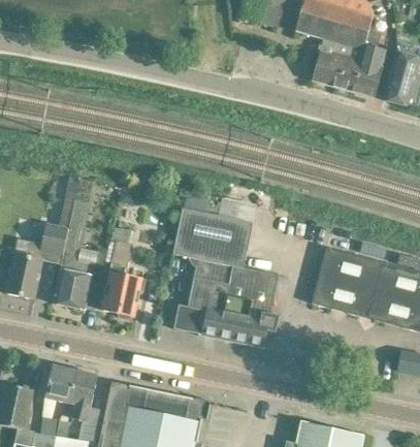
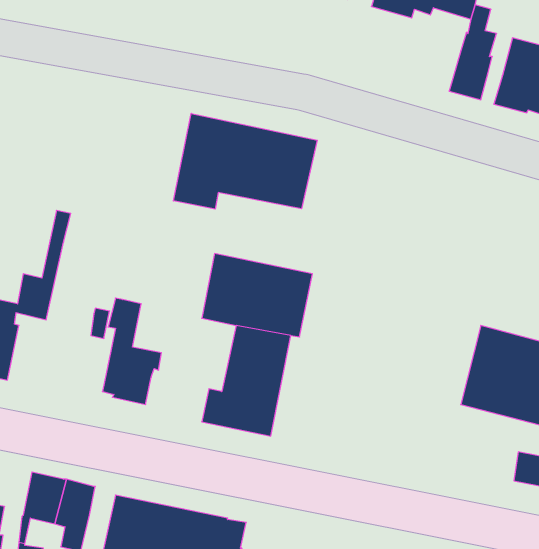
building: [312,31,366,91] -> none
building: none -> [173,113,317,209]
building: [52,179,94,310] -> none
building: [312,247,374,316] -> none
building: [223,266,280,347] -> none

